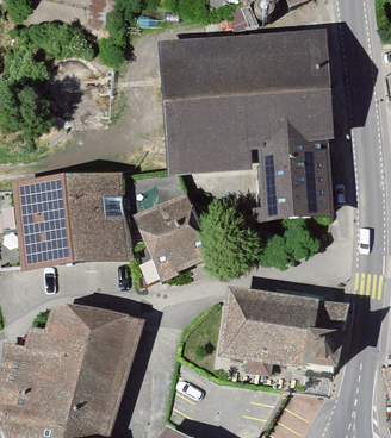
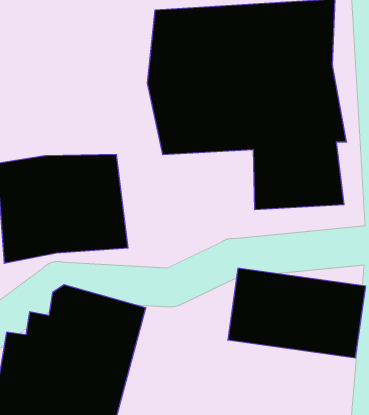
building: [126,194,211,283] -> none

